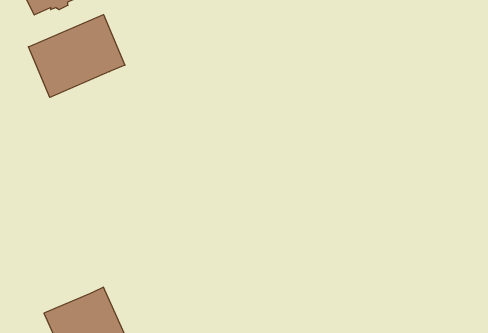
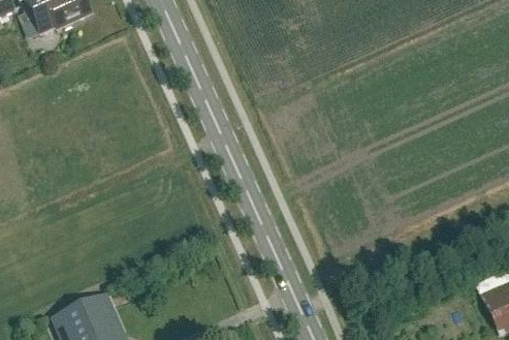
building: [28,15,125,97] -> none

